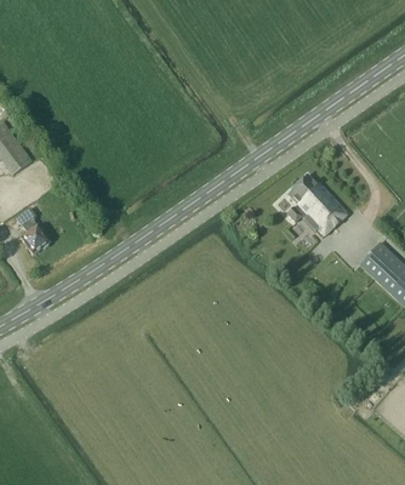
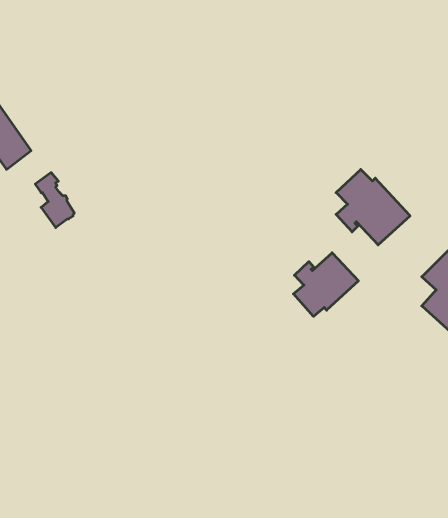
building: [17,207,50,253] -> [35,173,74,228]
building: none -> [293,253,358,316]

